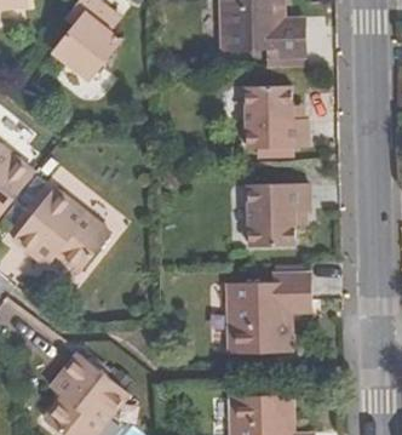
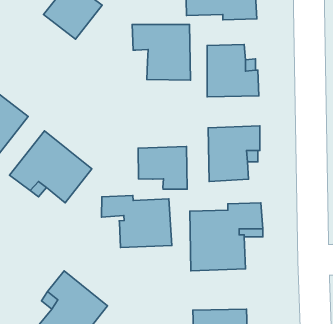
building: none -> [132,25,190,80]
building: none -> [138,146,187,189]
building: none -> [102,196,172,247]

